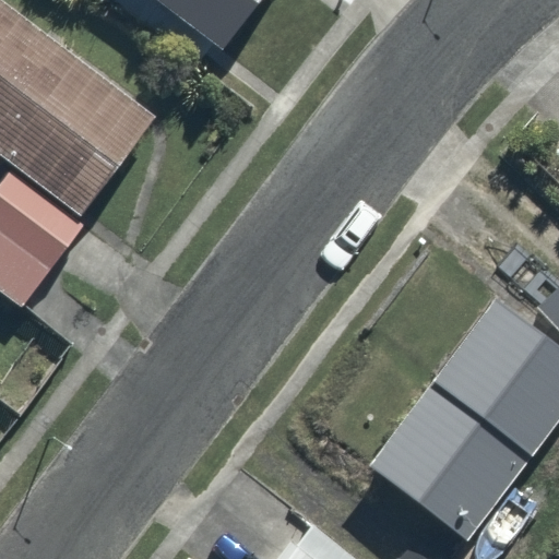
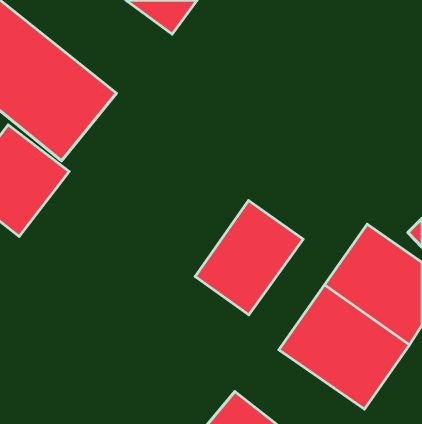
building: none -> [195,201,303,315]

